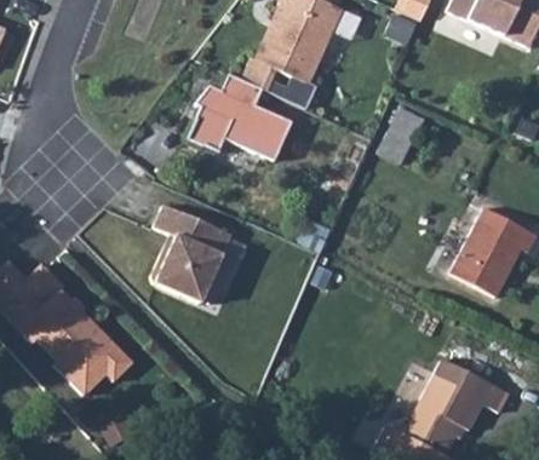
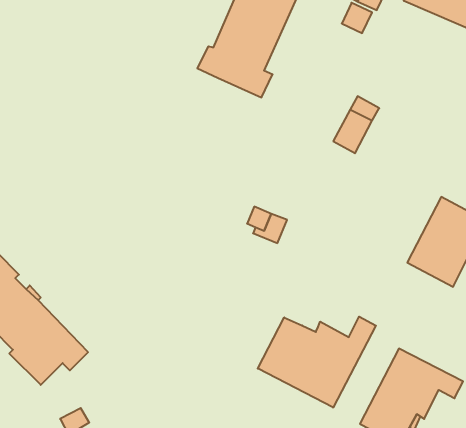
building: [185,74,291,161] -> none
building: [151,205,231,304] -> none
building: none -> [258,317,376,408]

